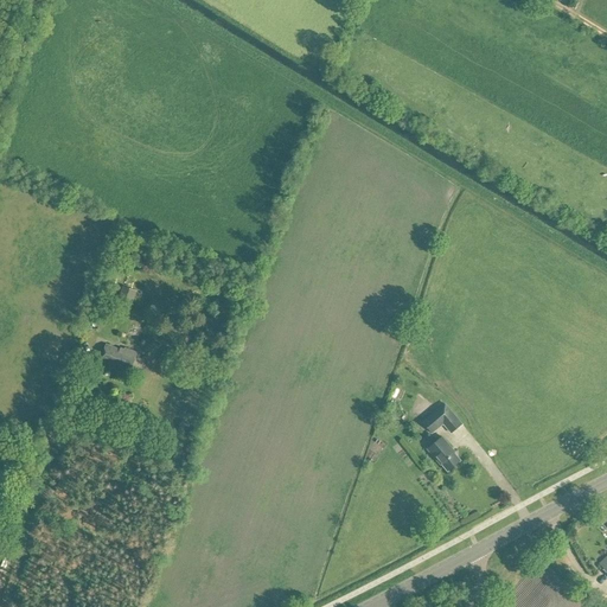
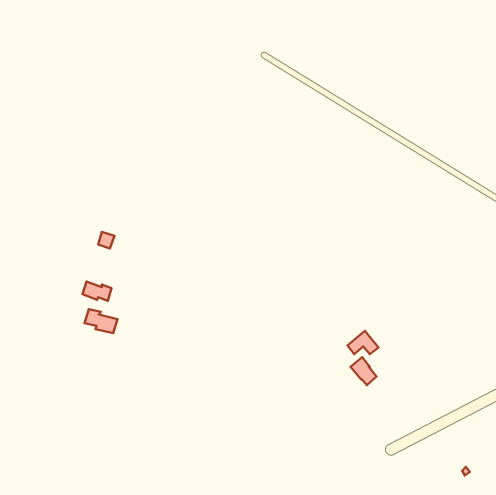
building: none -> [84,309,118,333]

